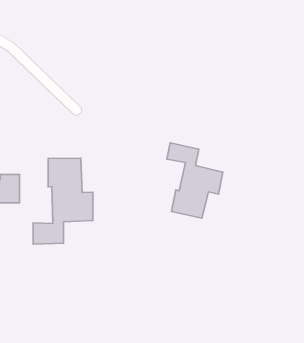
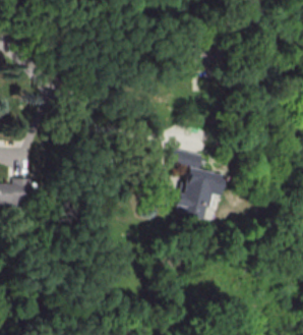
building: [33,158,93,244] -> none

